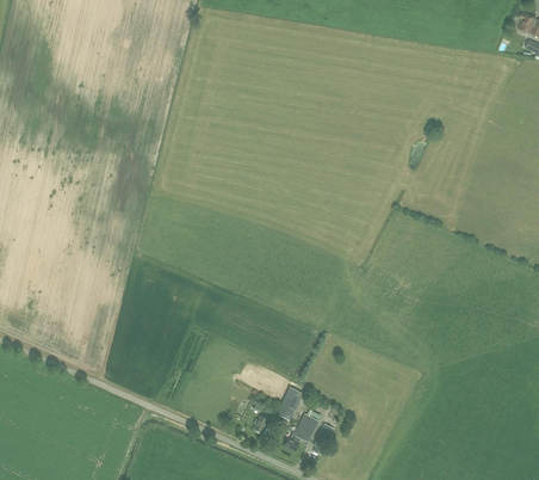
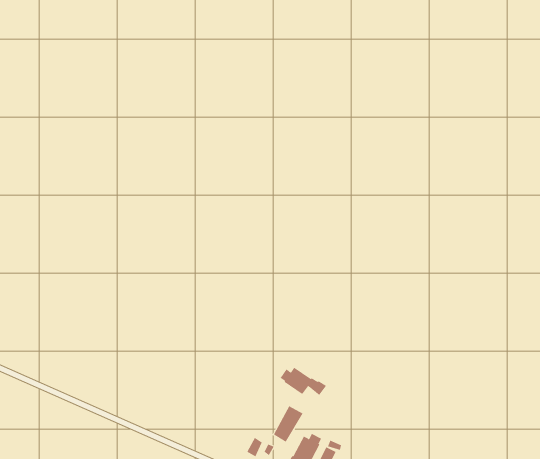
building: none -> [280,367,327,396]

